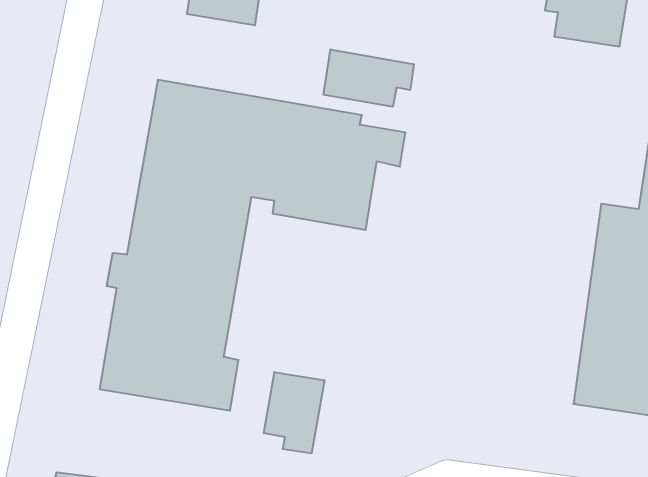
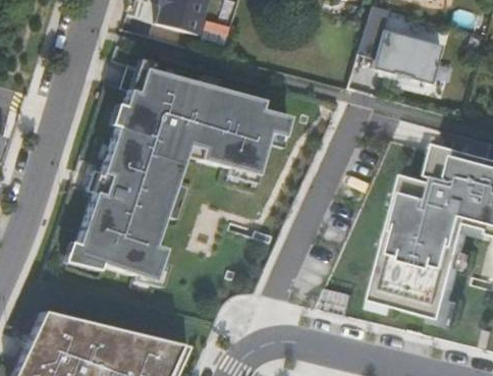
building: [323,49,414,107] -> none
building: [264,372,324,453] -> none

